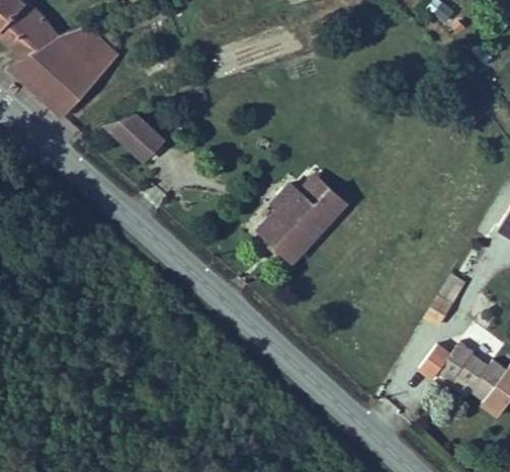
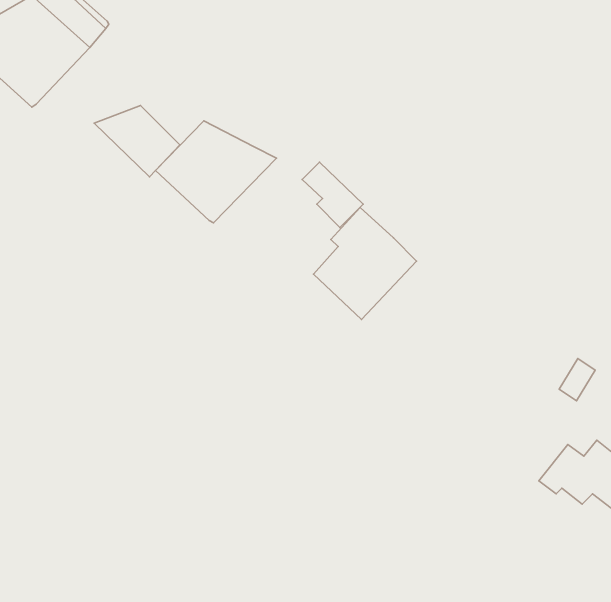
building: none -> [156,121,276,223]
building: [304,176,346,221] -> [302,162,363,227]

